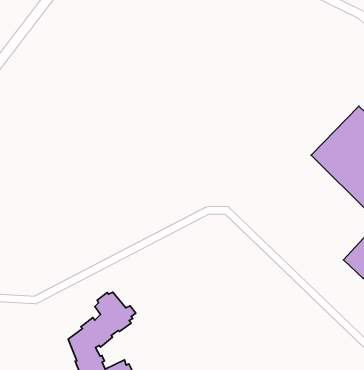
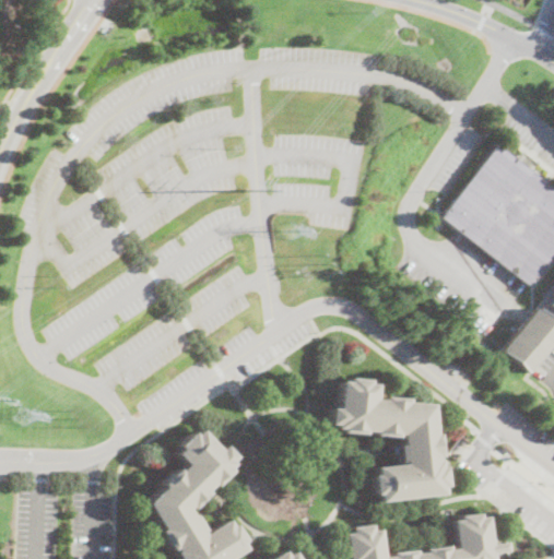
building: none -> [333,379,448,502]

